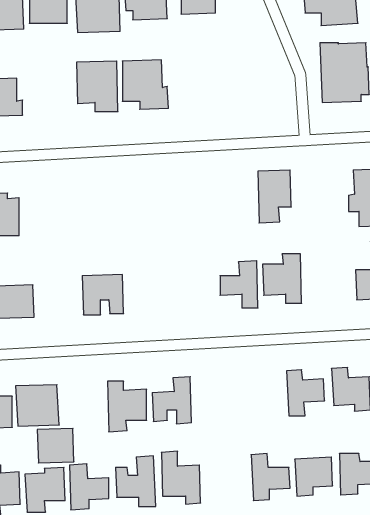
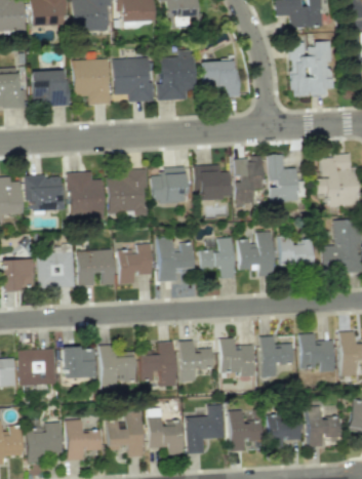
building: none -> [158,49,196,99]
building: none -> [201,59,240,96]
building: none -> [32,70,71,105]
building: none -> [269,154,298,202]
building: none -> [195,164,232,199]
building: none -> [152,166,187,203]
building: none -> [109,168,148,214]
building: none -> [70,171,105,219]
building: none -> [26,174,65,210]
building: none -> [279,235,315,267]
building: none -> [158,237,194,281]
building: none -> [119,243,153,283]
building: none -> [37,251,75,287]
building: none -> [222,337,255,376]
building: none -> [180,340,214,382]
building: [37,428,74,463] -> [64,347,96,377]
building: none -> [186,404,224,453]

